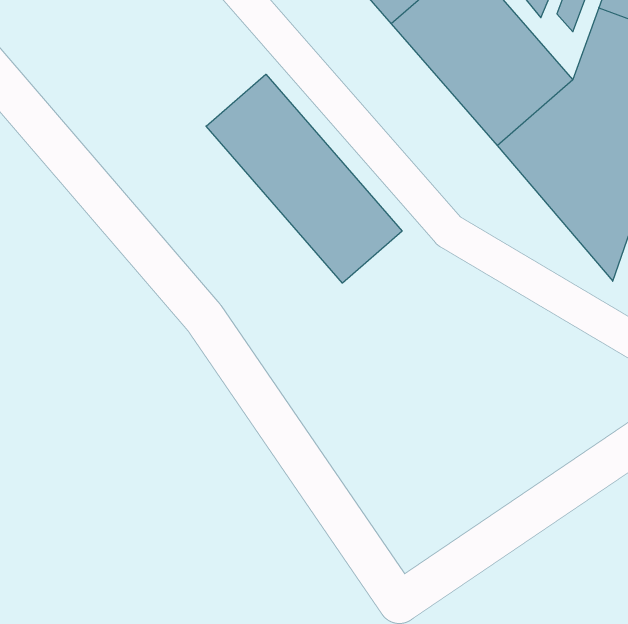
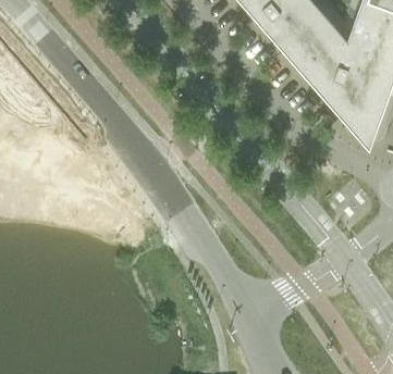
building: [206,74,402,283] -> none

